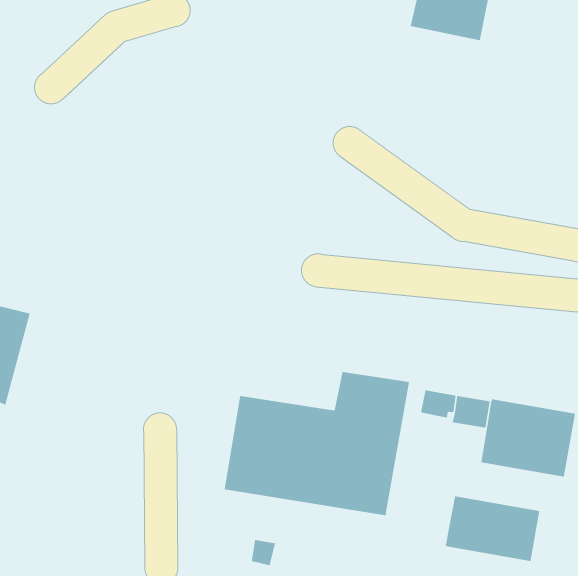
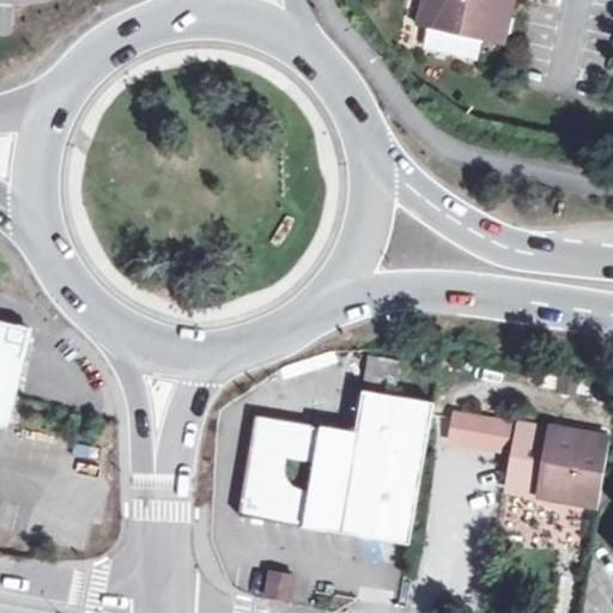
building: [445,495,540,562] -> none

